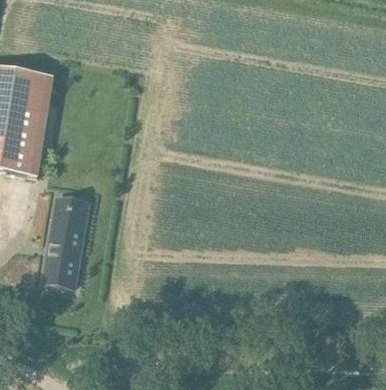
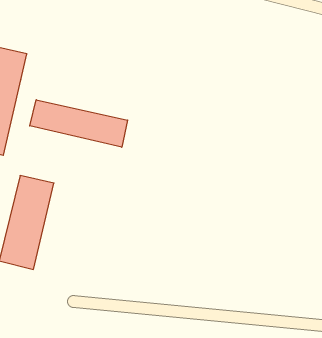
building: none -> [30,100,128,147]

